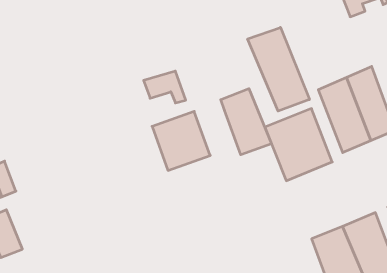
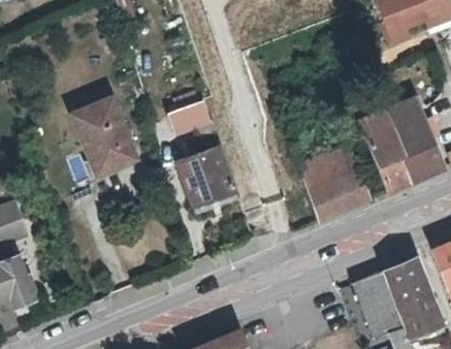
building: [248,27,309,111] -> none
building: none -> [73,95,131,166]
building: [221,89,271,155] -> none

